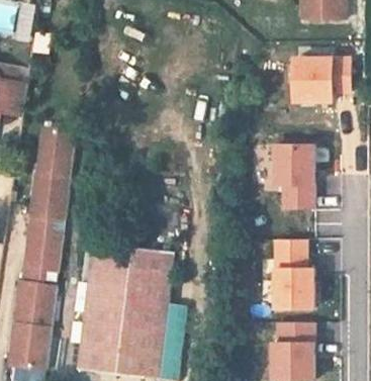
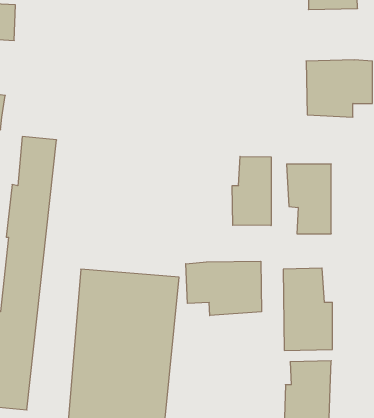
building: none -> [232,156,271,226]
building: none -> [186,261,261,316]

